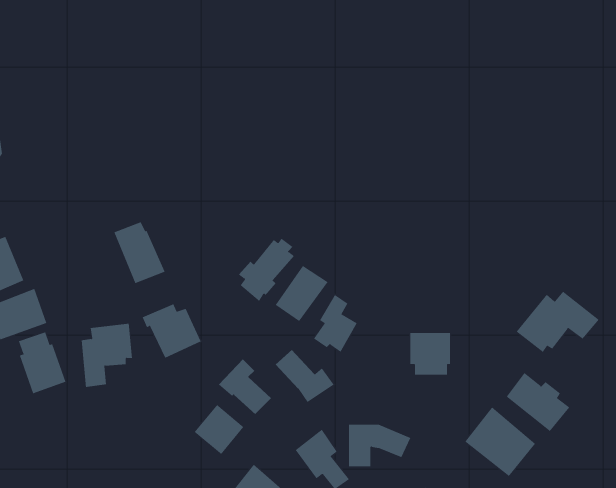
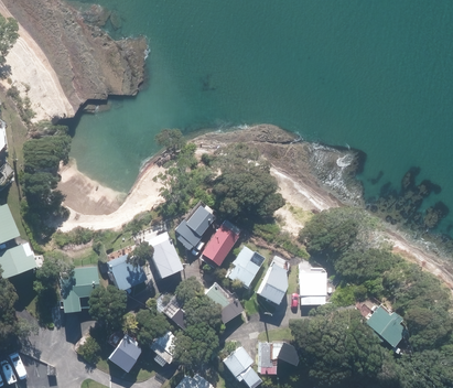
building: [114,221,166,284] -> [149,231,186,277]
building: [516,291,600,353] -> none
building: none -> [262,263,292,303]
building: [18,331,66,394] -> none
building: [464,407,536,477] -> none
building: none -> [106,334,140,368]

